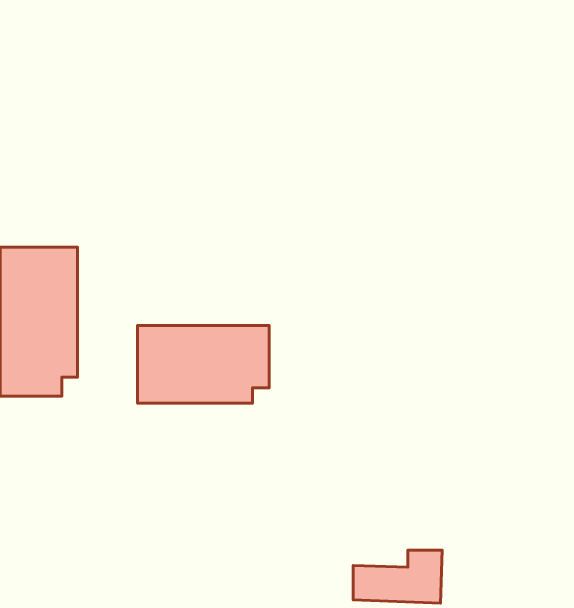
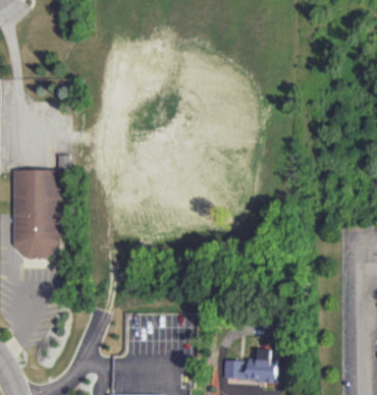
building: [138,325,269,403] -> none

